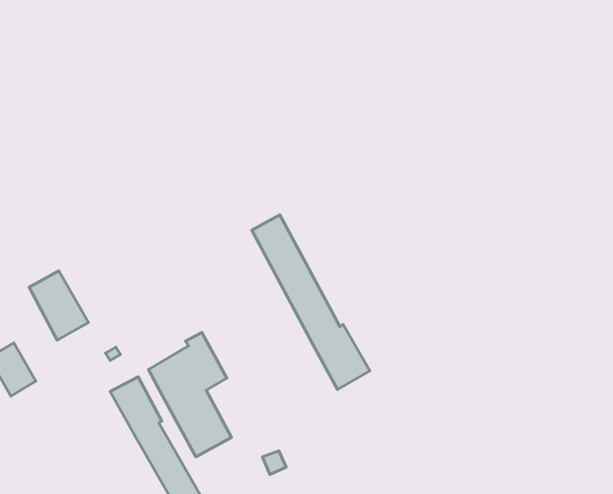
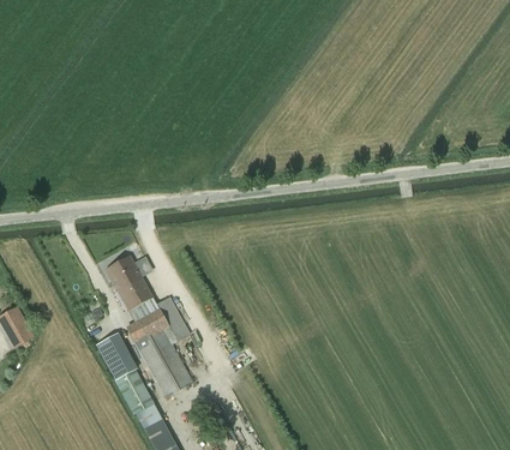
building: [252,215,370,389] -> none
building: [29,271,88,340] -> [106,254,154,311]

